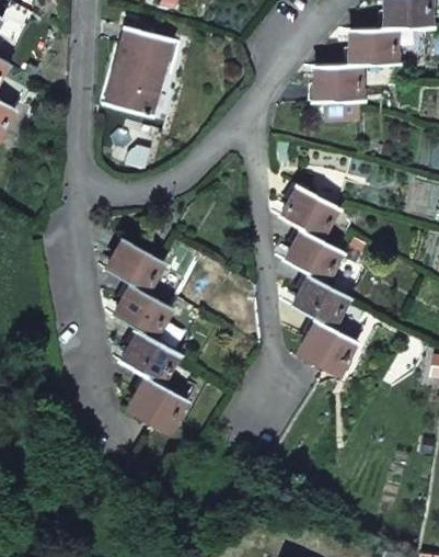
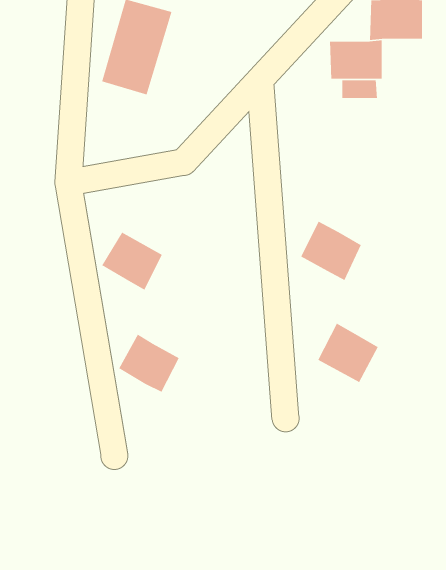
building: [284,186,337,238] -> none
building: [293,274,350,329] -> none
building: [116,284,172,339] -> none
building: [129,376,186,430] -> none

